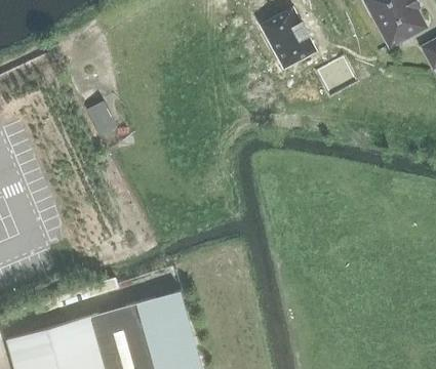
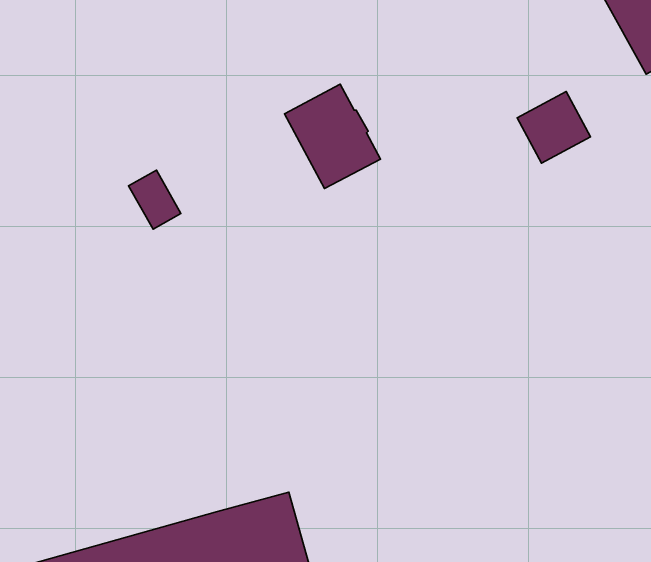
building: [260,7,316,69] -> [285,84,380,189]

